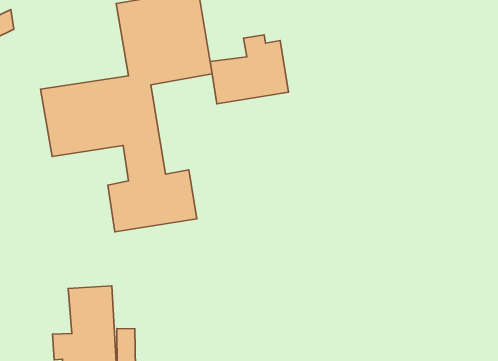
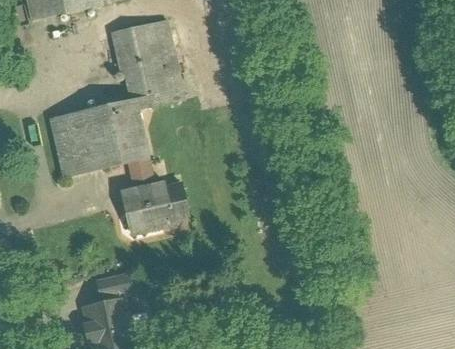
building: [210,35,289,104] -> none

